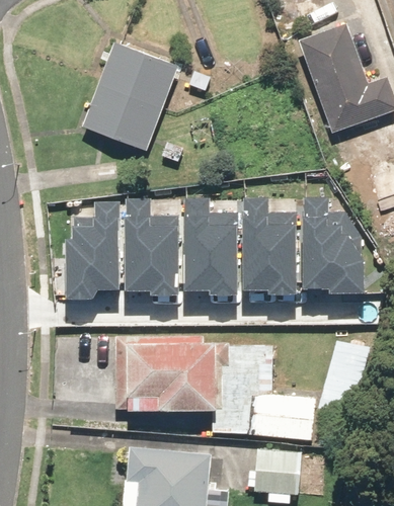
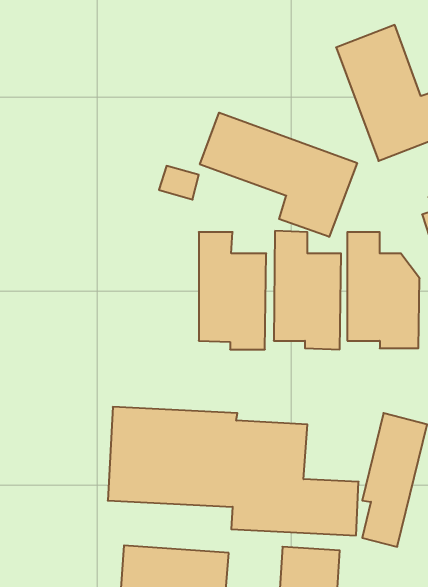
building: [78,44,178,155] -> none
building: none -> [200,113,357,237]
building: [128,194,182,289] -> none
building: [70,198,122,292] -> none

